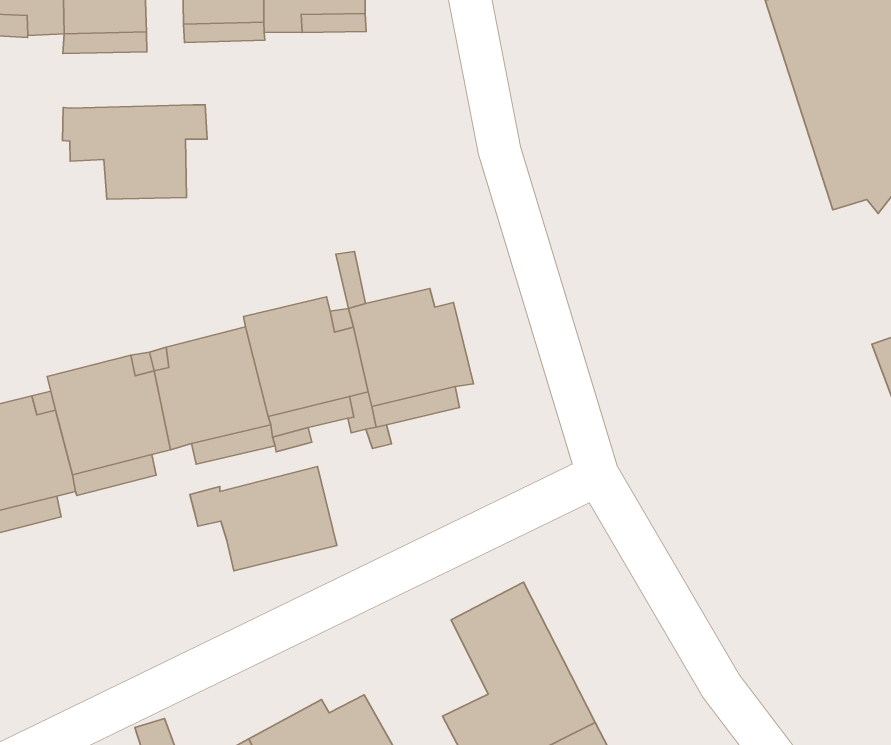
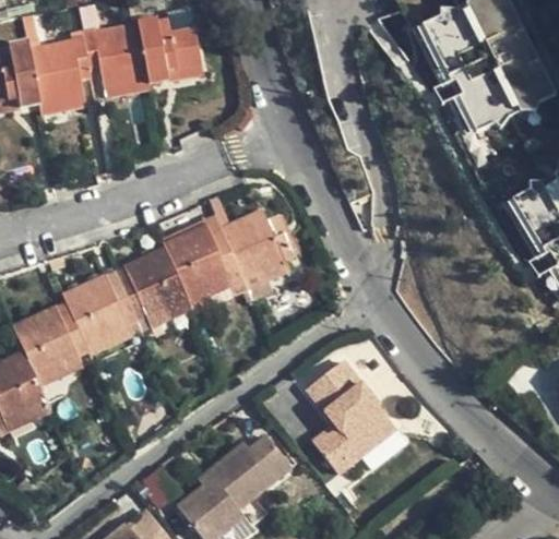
building: [62,105,207,199] -> none
building: [190,467,337,571] -> none

